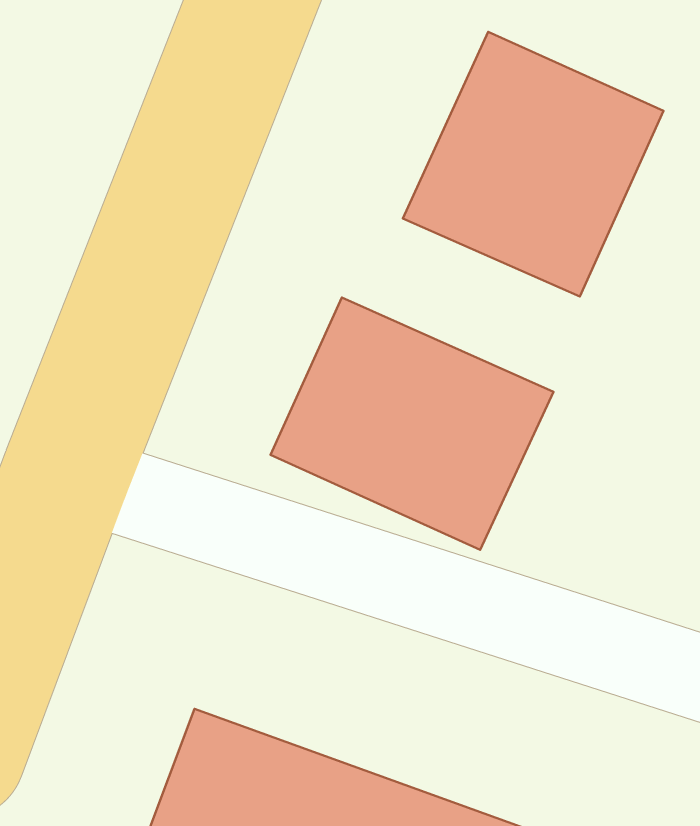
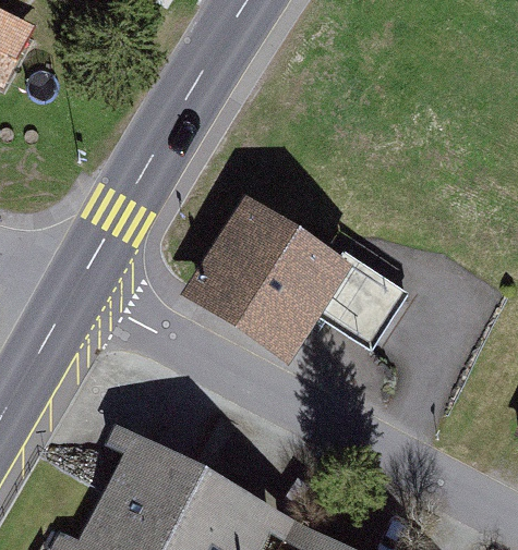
building: [403,32,663,296] -> none

